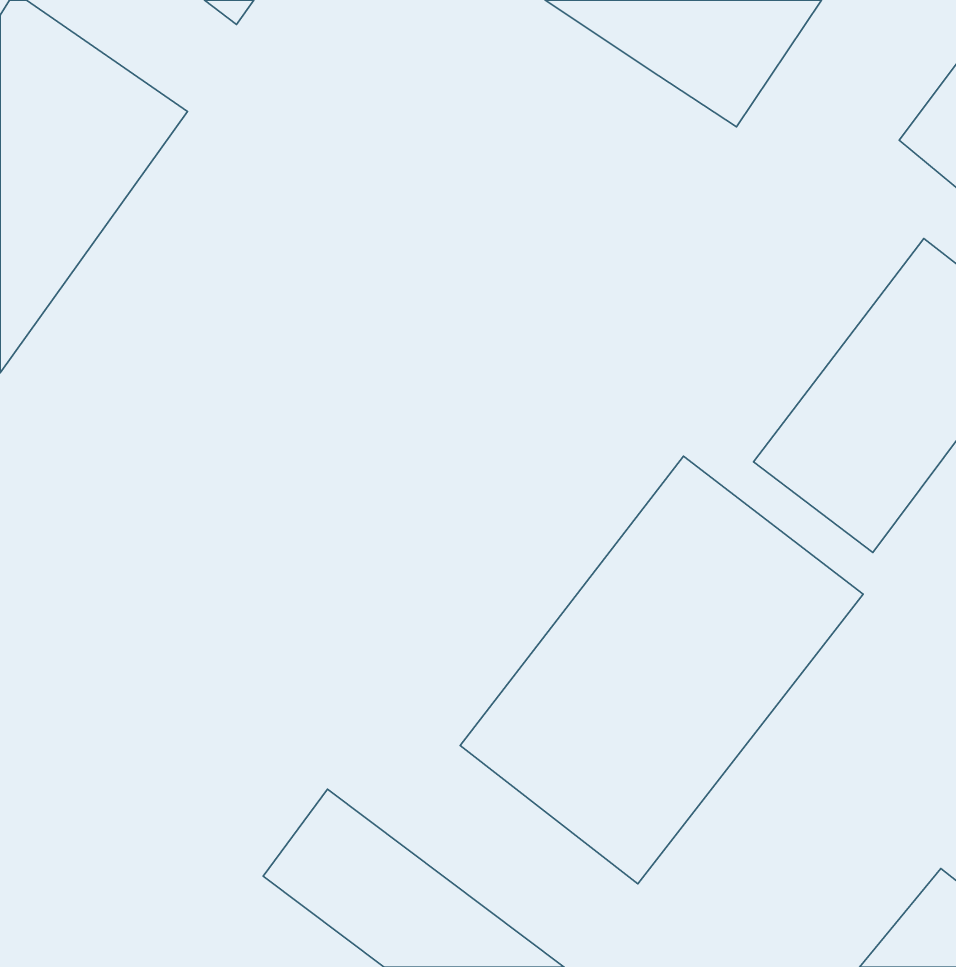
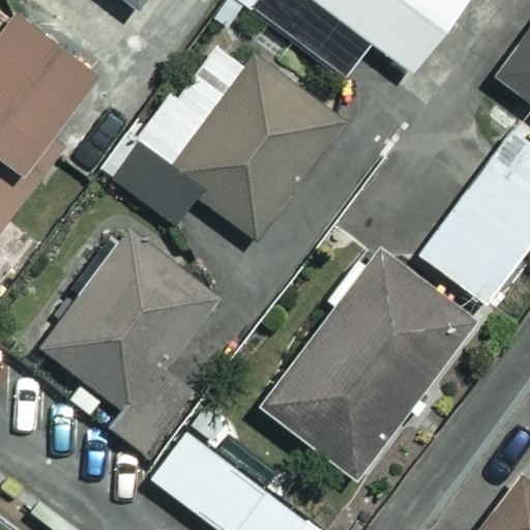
building: none -> [164,57,341,241]
building: none -> [43,228,222,454]

